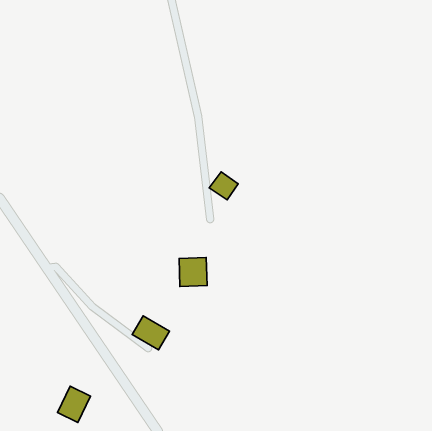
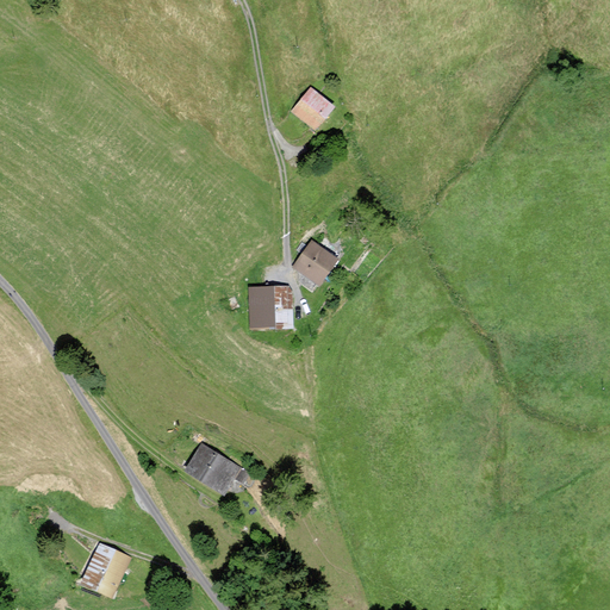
building: none -> [293,88,332,127]
building: [179,258,207,286] -> [250,286,290,326]

